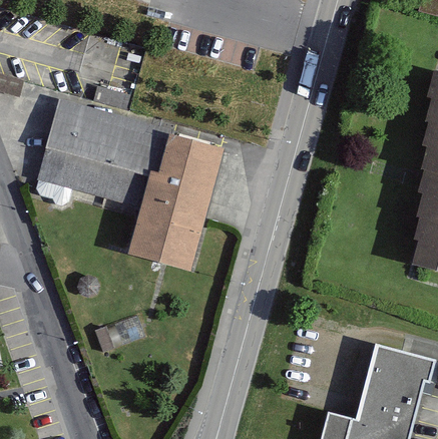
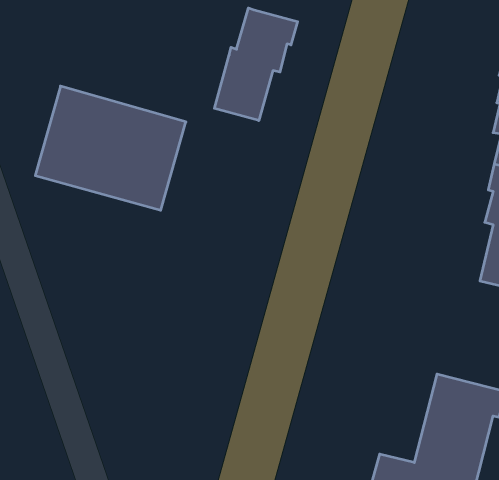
building: none -> [214,8,298,121]
building: [130,132,222,270] -> none

